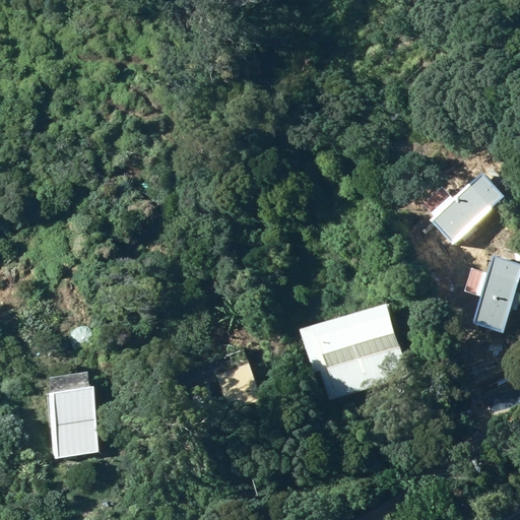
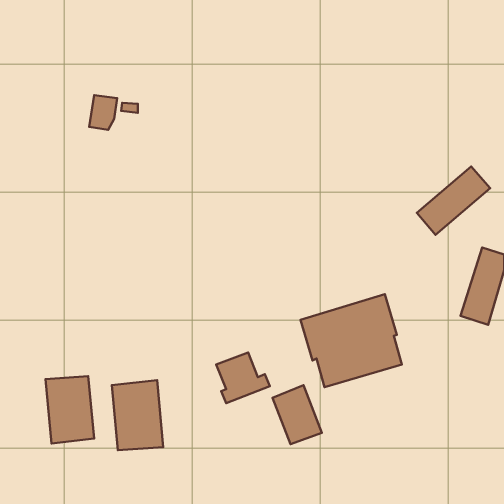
building: none -> [112,380,163,450]
building: none -> [273,385,322,444]

